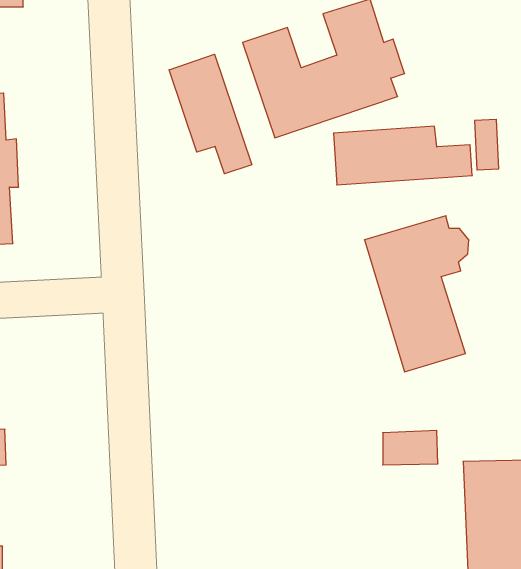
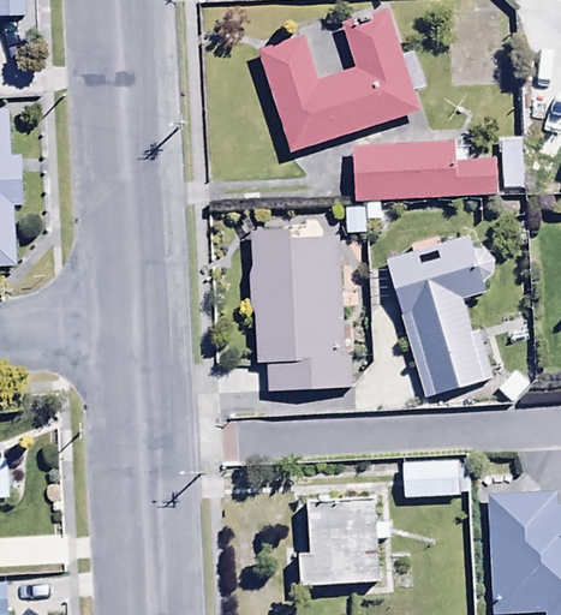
building: [169,54,252,174] -> none
building: none -> [247,226,348,390]
building: none -> [300,502,392,585]

